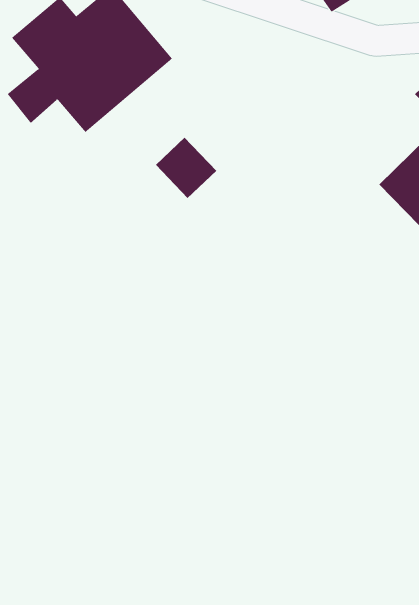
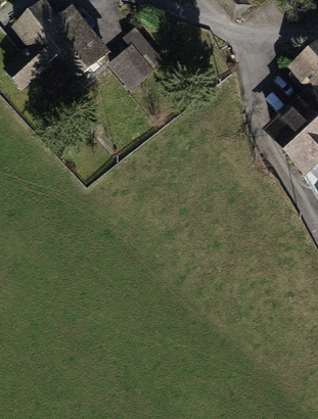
building: [155,137,217,199] -> [109,43,152,86]

